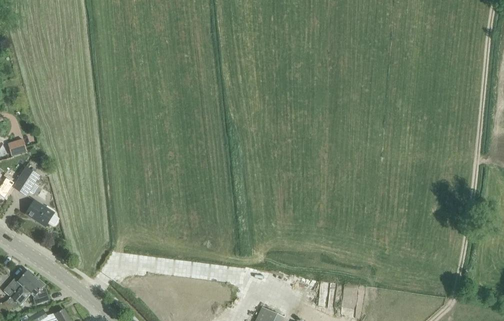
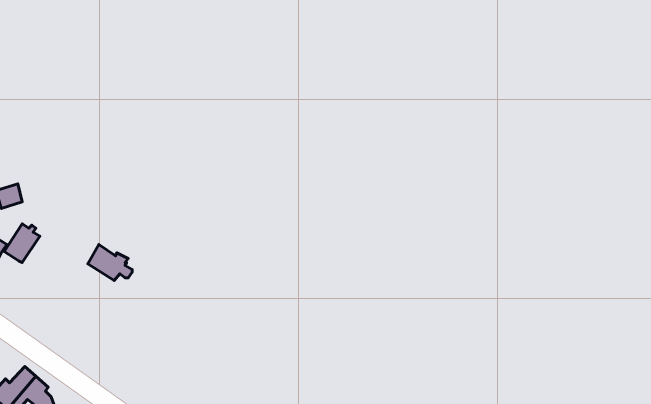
building: [26,200,58,226] -> [88,245,132,281]

